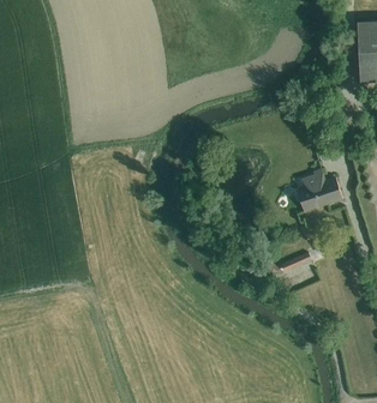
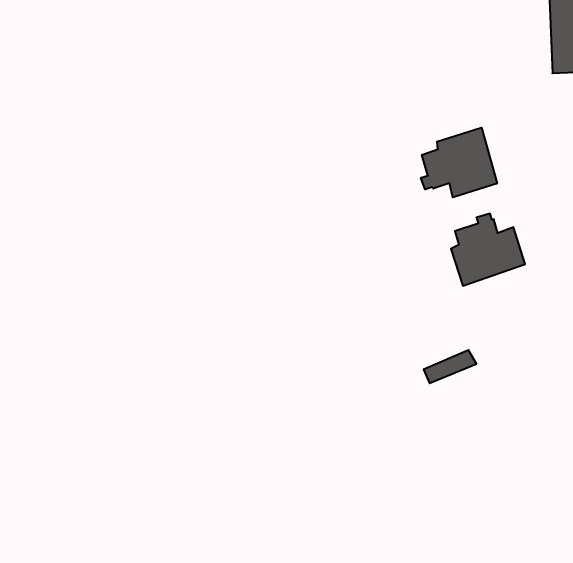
building: none -> [421,128,497,197]

